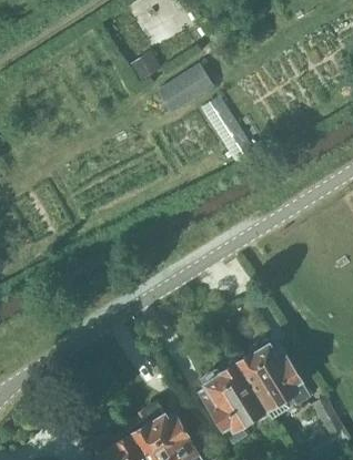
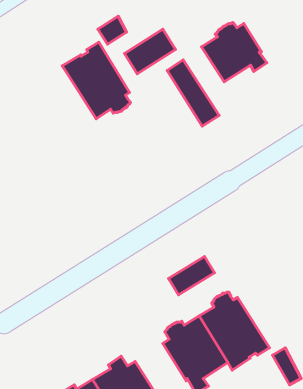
building: none -> [201,22,267,82]
building: none -> [62,42,130,119]
building: none -> [168,256,215,295]

